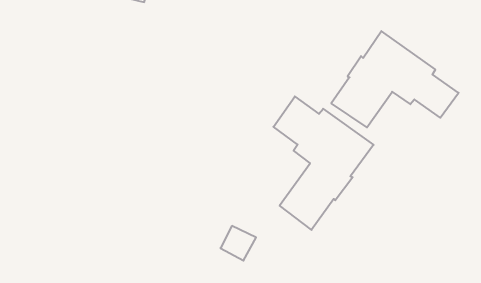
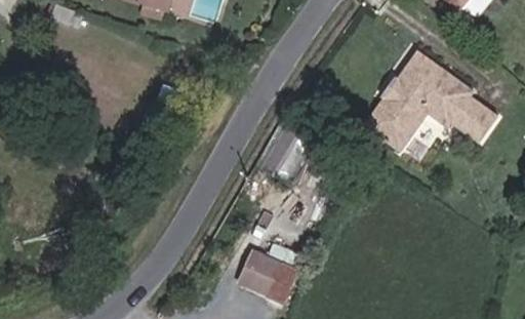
building: [273,96,374,230] -> none

